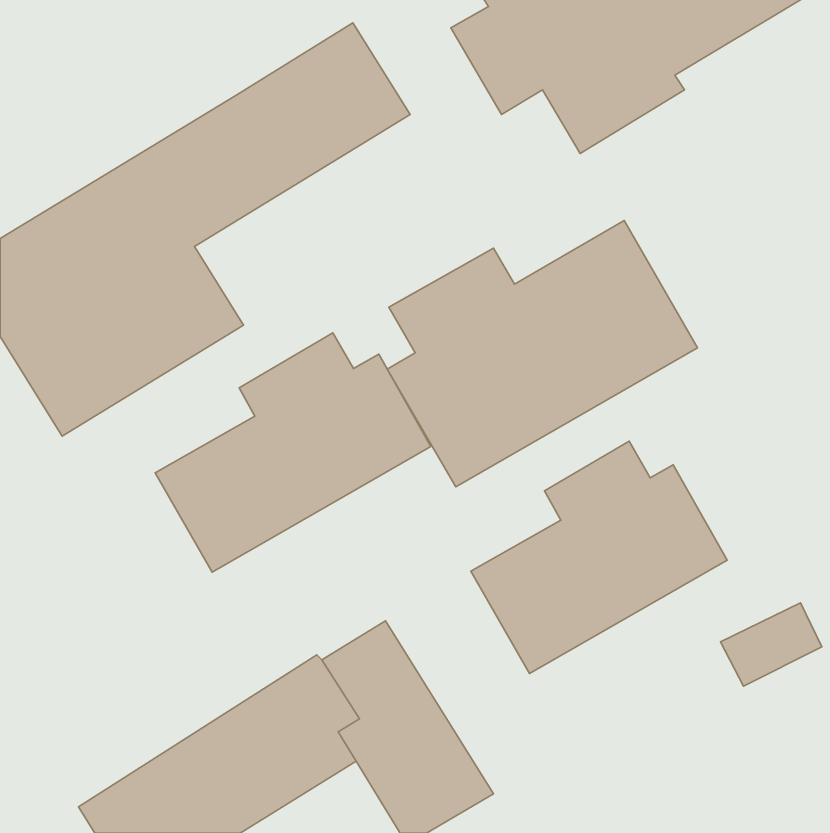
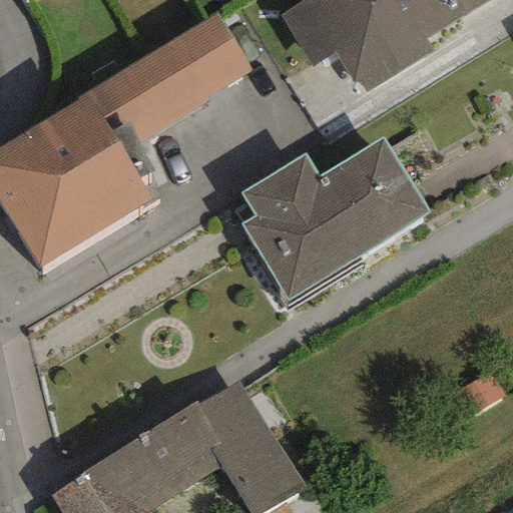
building: [155,333,431,572] -> none
building: [471,441,727,674] -> none

